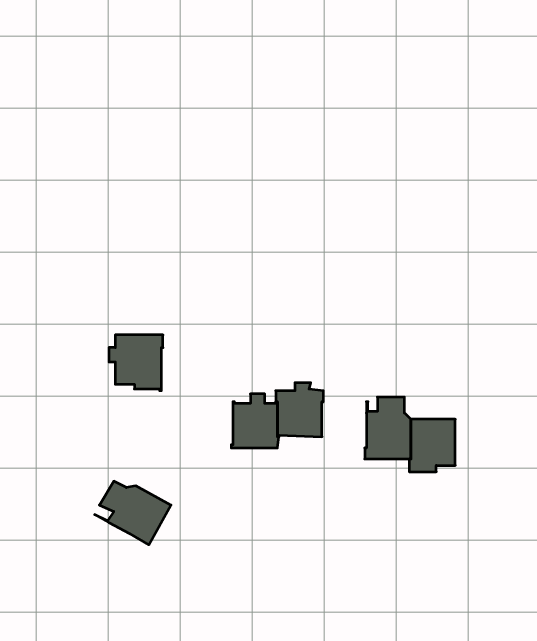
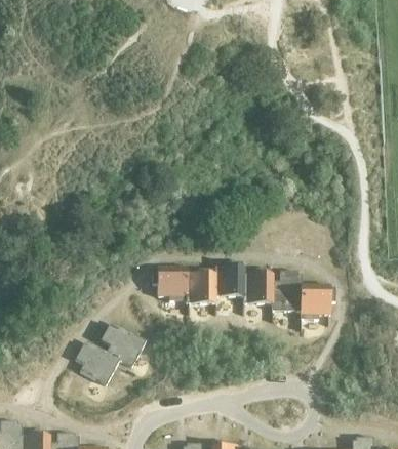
building: [109,335,163,391] -> [152,267,187,302]
building: none -> [243,270,272,304]
building: none -> [74,343,119,385]

